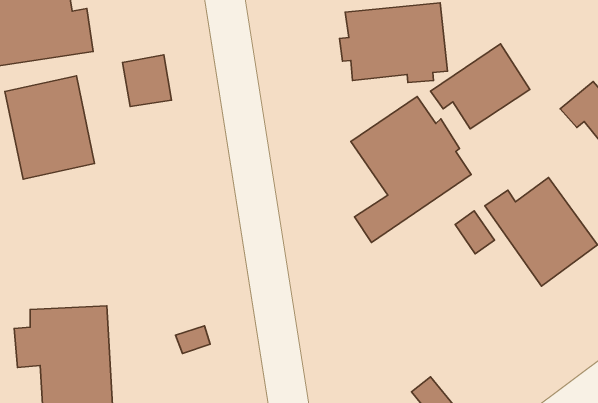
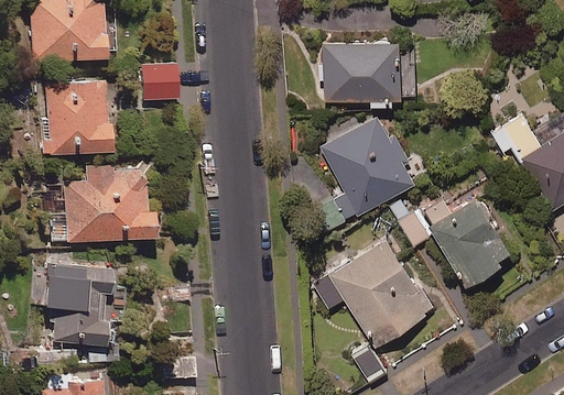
building: [431,44,530,129] -> none
building: none -> [50,165,155,249]
building: none -> [314,240,434,347]

